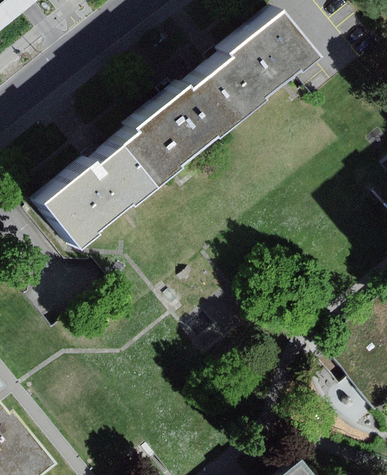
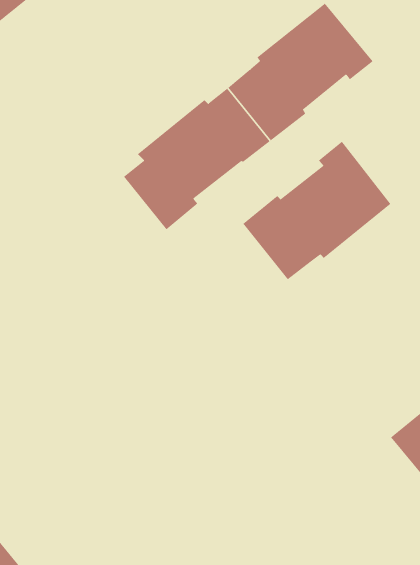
building: none -> [242,141,391,280]
building: [38,144,154,248] -> none

